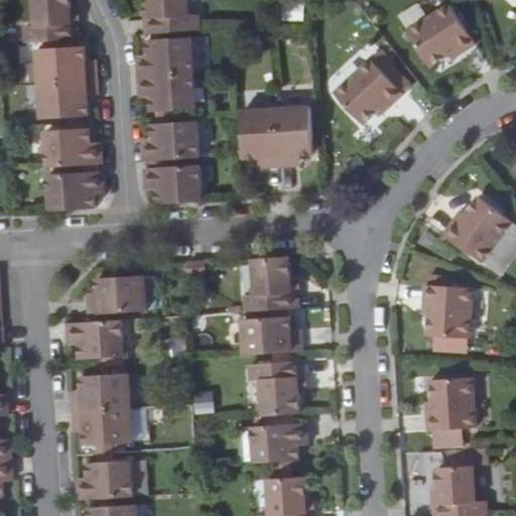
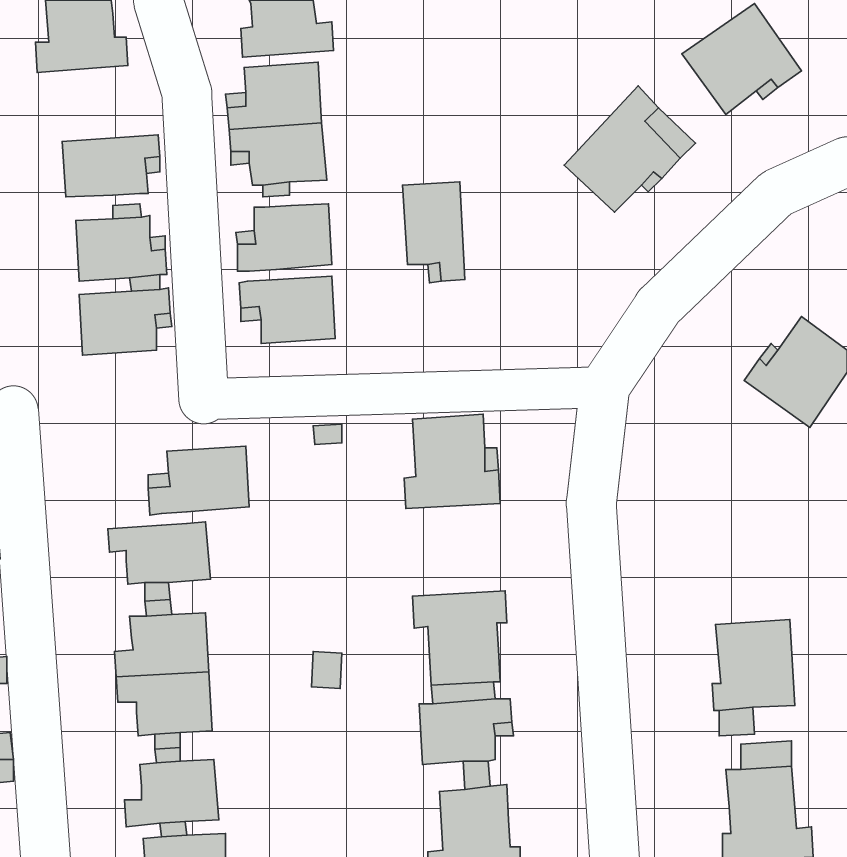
building: [35,47,95,87] -> none
building: [275,109,314,169] -> none
building: [429,281,478,335] -> none
building: [240,311,300,351] -> none

